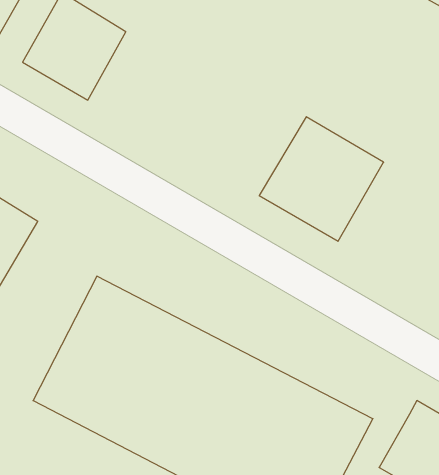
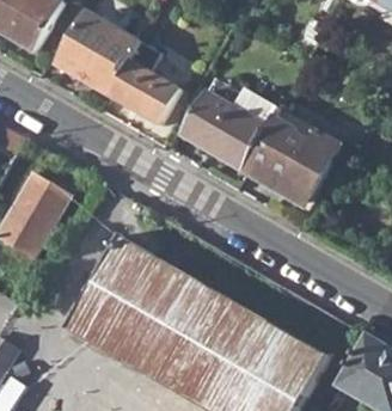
building: none -> [108,44,177,123]
building: none -> [182,88,280,171]

